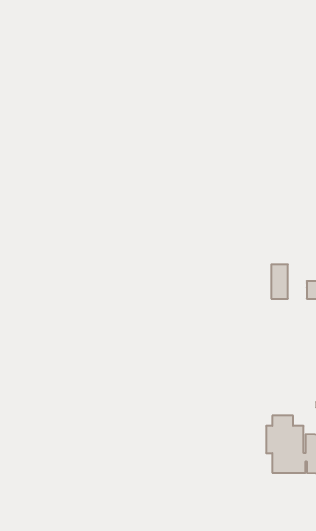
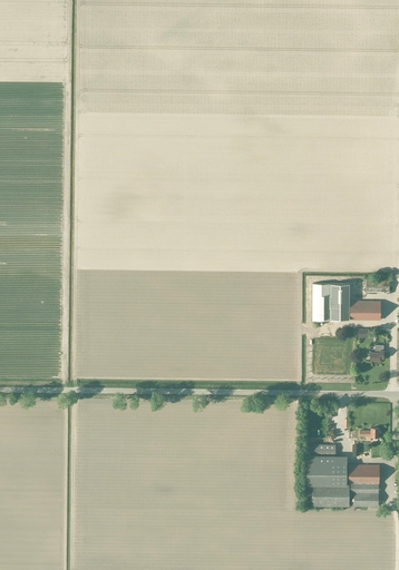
building: none -> [330,284,350,321]

